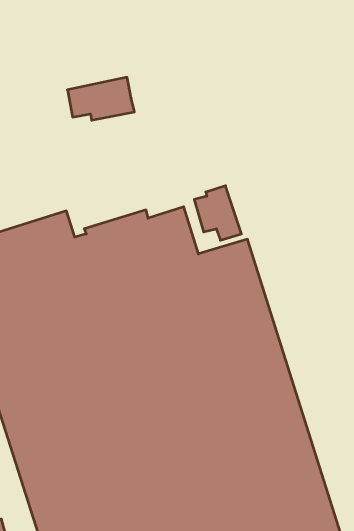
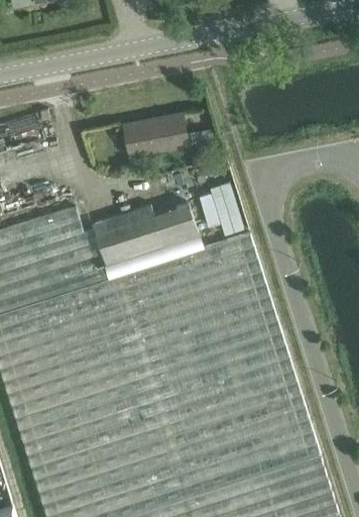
building: [67,77,134,120] -> [124,112,189,153]

